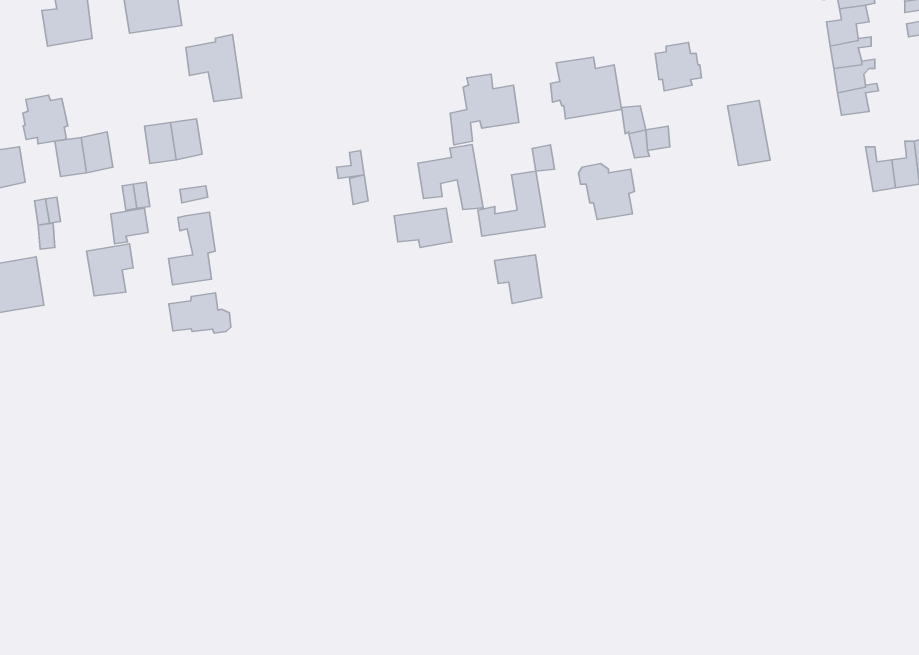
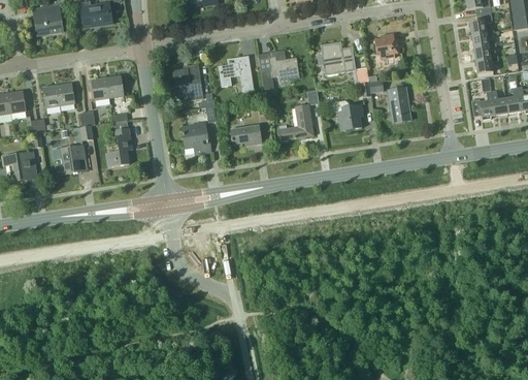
building: [186,34,242,102] -> [172,62,203,99]
building: [23,95,68,144] -> none
building: [727,100,770,166] -> [388,86,411,122]
building: [418,144,483,210] -> [218,55,254,91]
building: none -> [471,90,495,119]
building: none -> [182,122,210,153]
building: [495,255,542,303] -> none
building: [169,293,231,333] -> none

